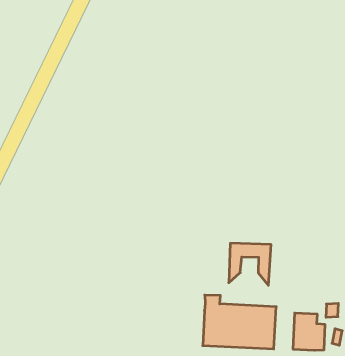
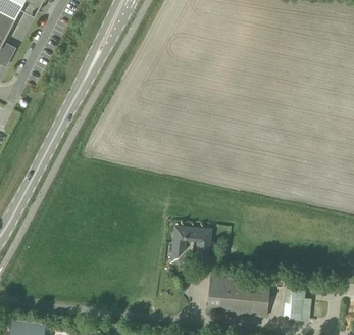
building: [229,243,271,285] -> [172,227,210,265]

